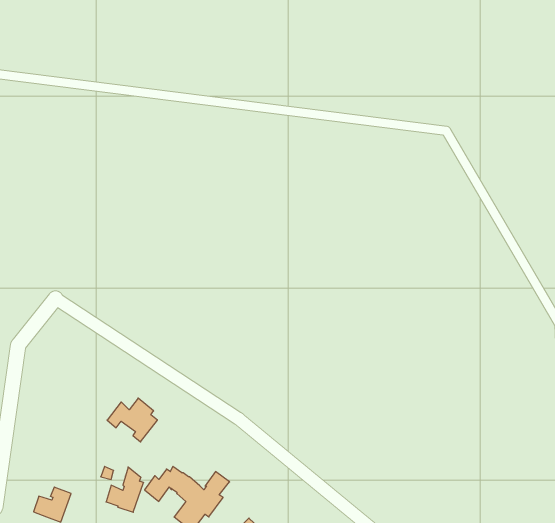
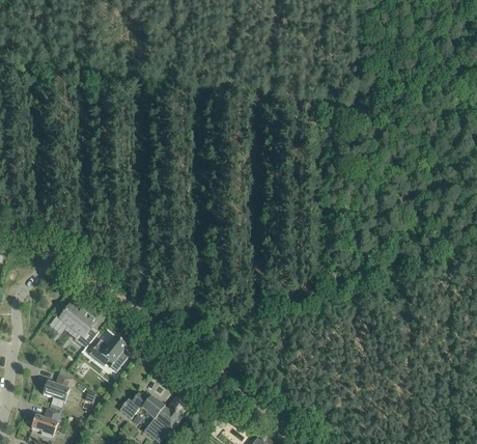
building: none -> [59,303,99,353]
building: [106,467,144,512] -> [43,366,73,403]

